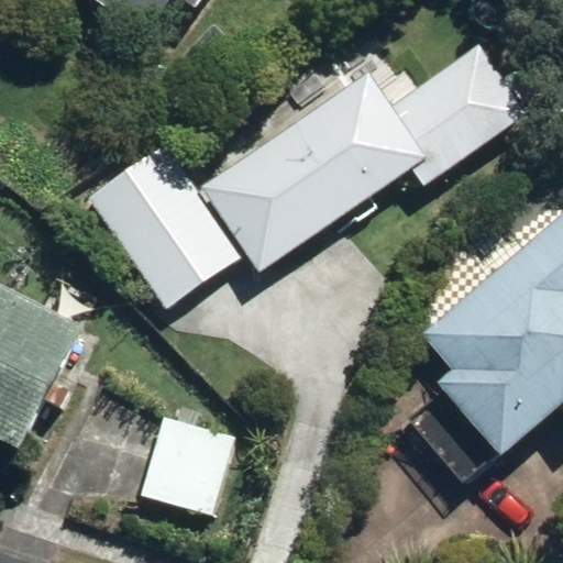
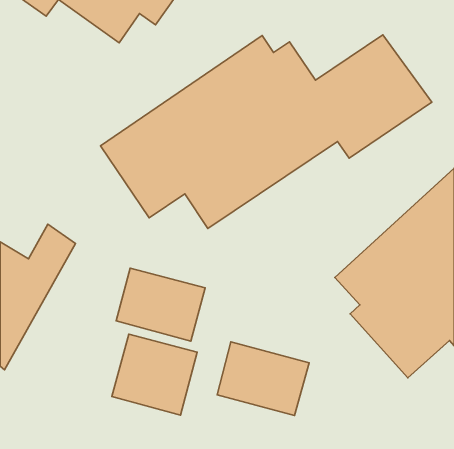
building: none -> [116,268,205,341]
building: none -> [217,342,309,415]

